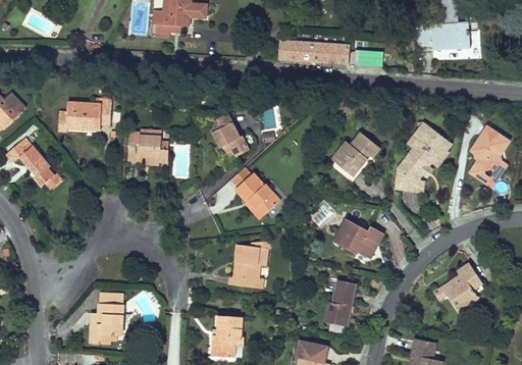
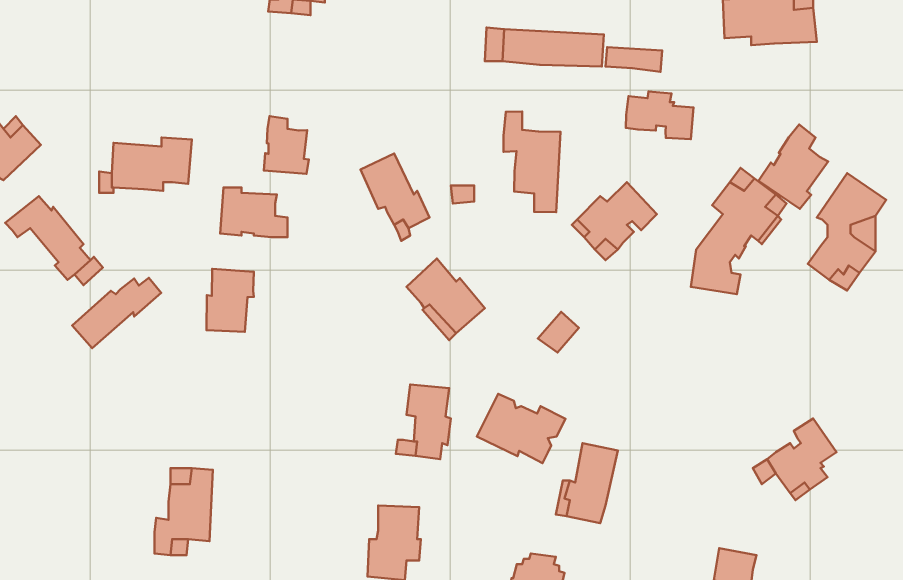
building: none -> [626,91,694,139]
building: none -> [503,112,560,212]
building: none -> [264,116,309,174]
building: none -> [759,124,828,209]
building: none -> [207,269,254,332]
building: none -> [72,278,161,348]
building: [332,217,383,257] -> [477,394,565,463]

